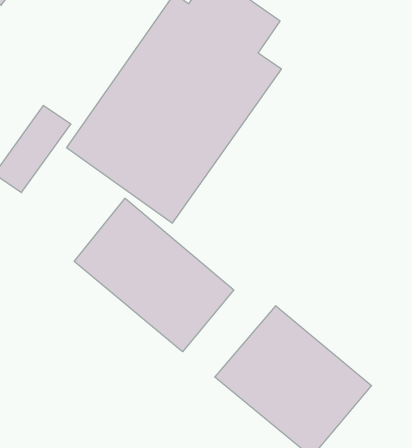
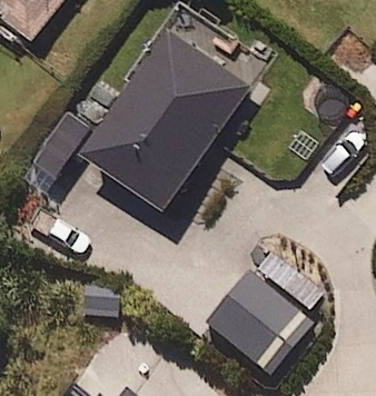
building: [74,198,234,352] -> none

